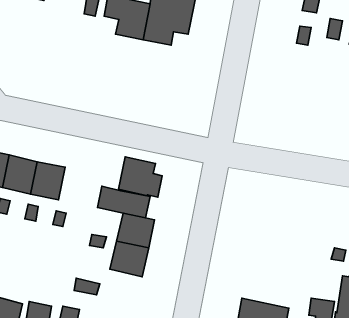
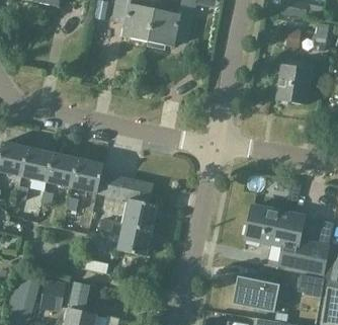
building: none -> [275,64,312,102]
building: [119,157,162,197] -> [71,157,110,193]
building: none -> [245,206,329,272]

